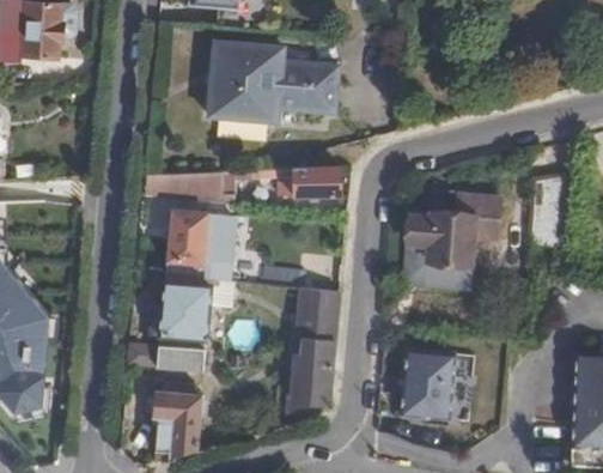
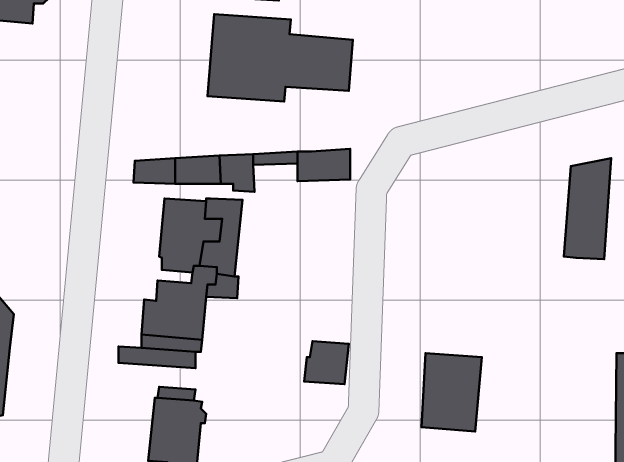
building: [401,195,497,291] -> none
building: [299,285,339,351] -> none
building: [292,372,333,420] -> none

